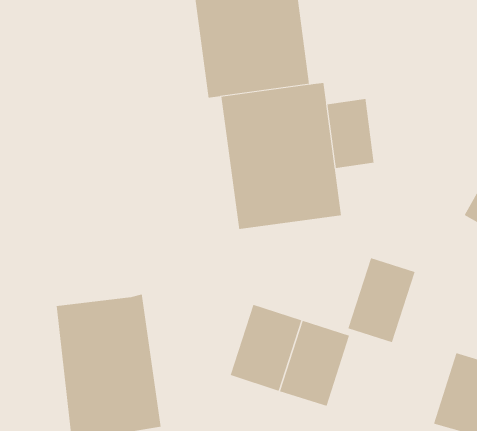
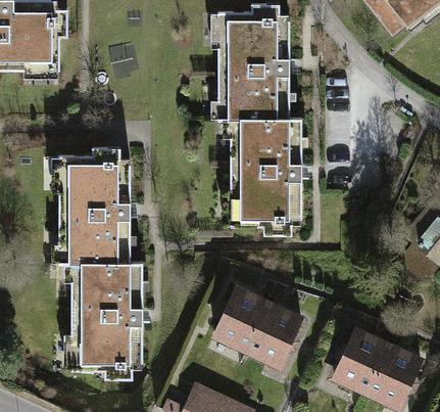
building: [327,98,374,169] -> none
building: none -> [57,149,137,266]
building: [348,258,415,343] -> [326,325,384,394]

